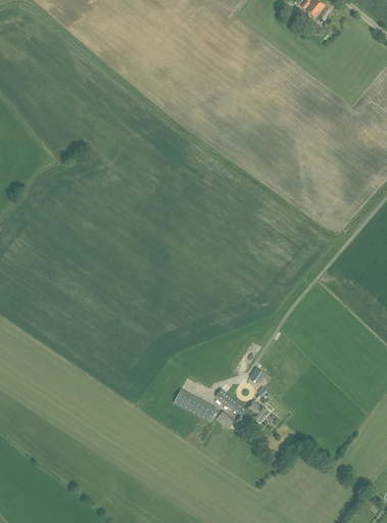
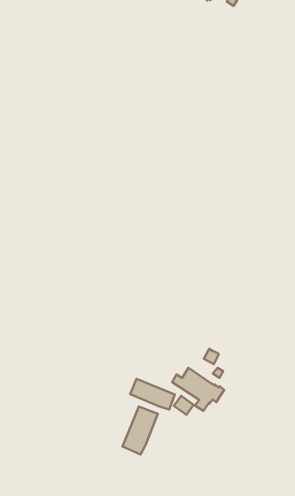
building: none -> [122,406,158,455]

